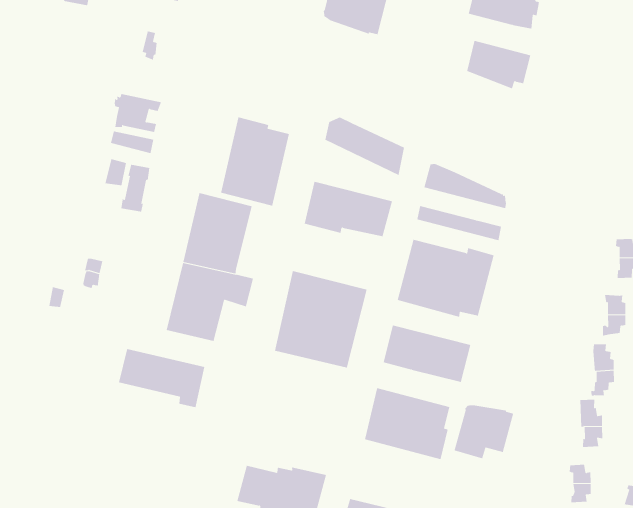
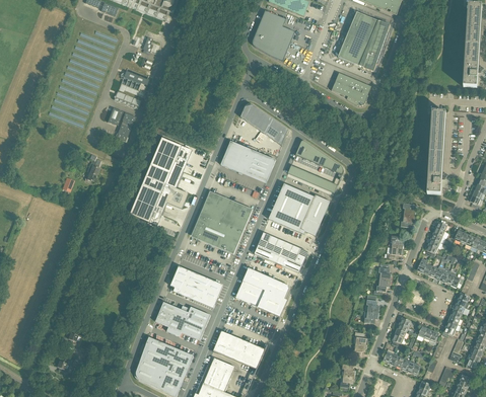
building: [220,117,290,206] -> none
building: [118,349,205,408] -> [169,265,222,307]
building: [454,404,514,459] -> none

